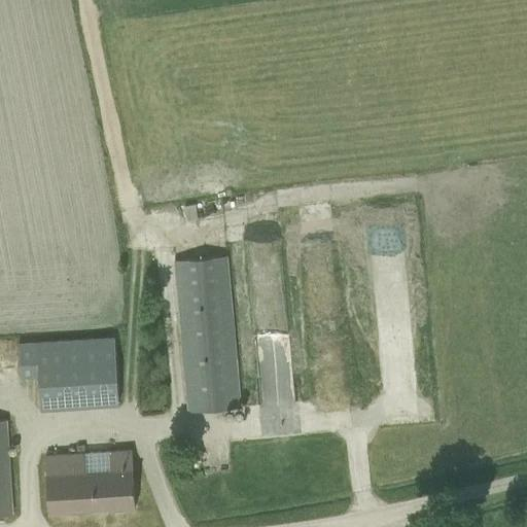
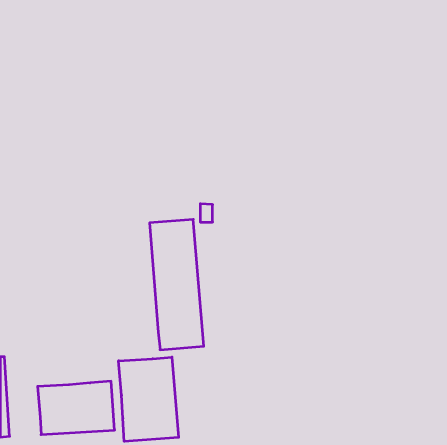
building: [16,338,117,409] -> none
building: none -> [119,357,179,441]

